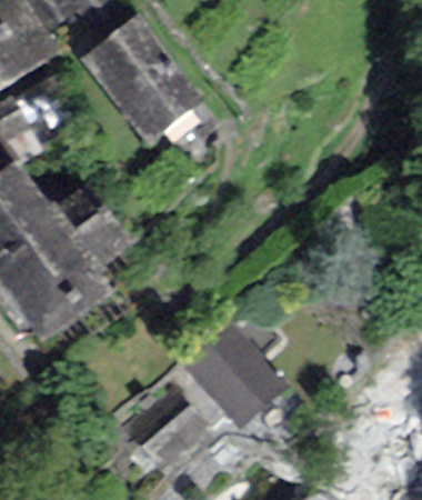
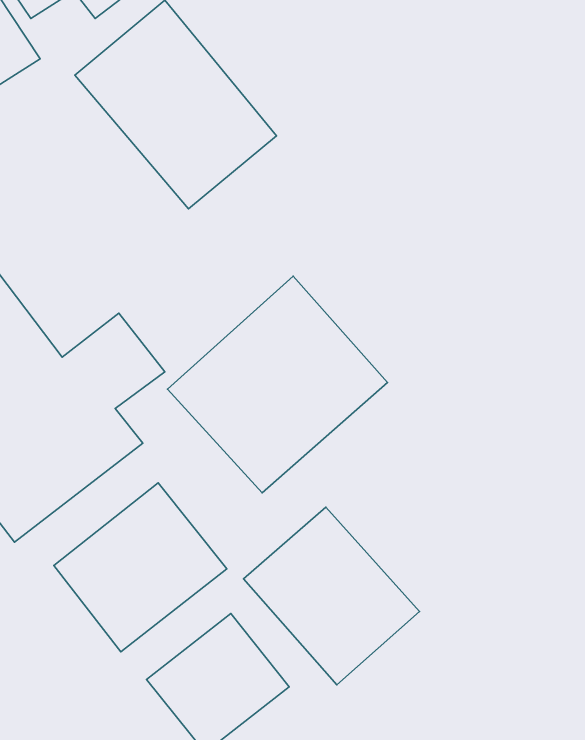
building: none -> [168,276,388,493]
building: none -> [54,483,227,652]

